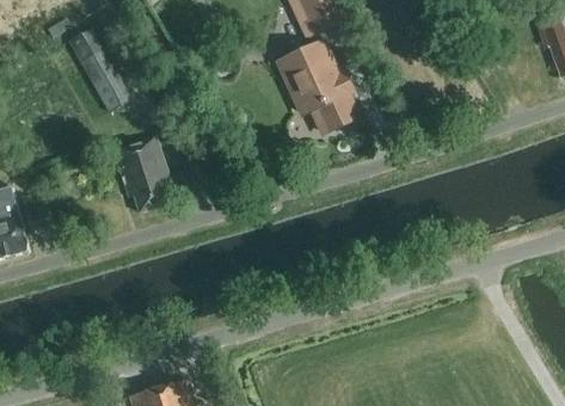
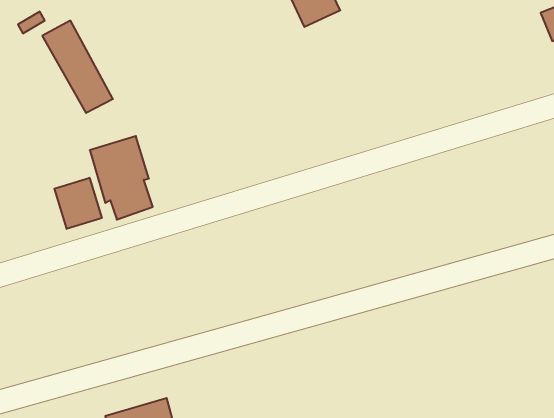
building: [282,45,356,131] -> none
building: none -> [54,178,102,229]

